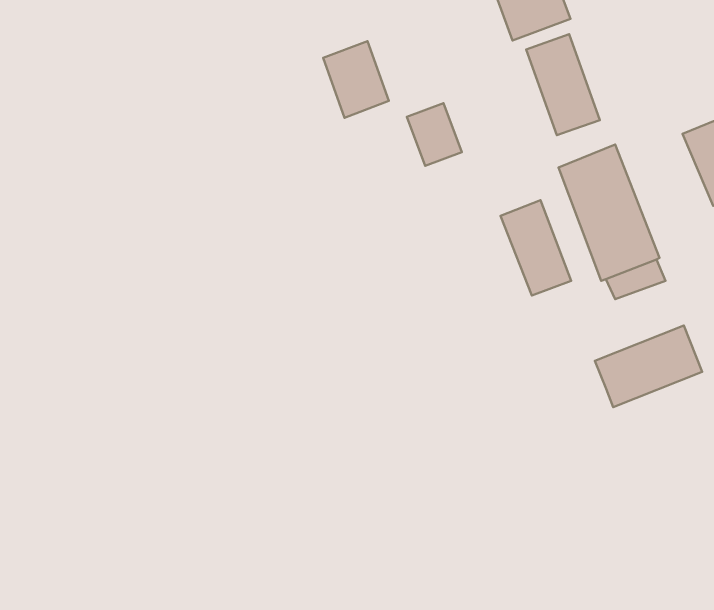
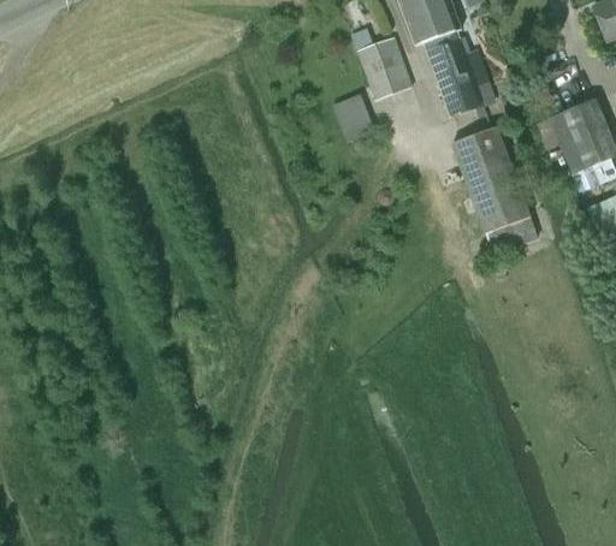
building: [323,41,389,118] -> [359,36,410,96]
building: [500,200,571,296] -> none
building: [595,326,702,407] -> none

